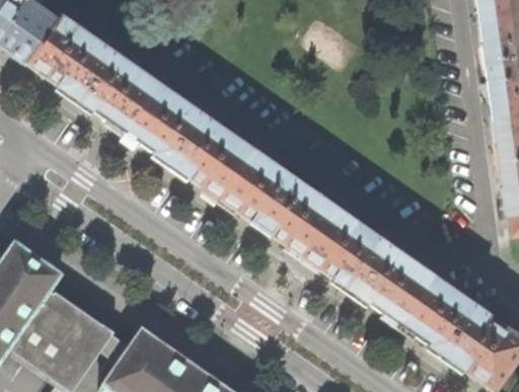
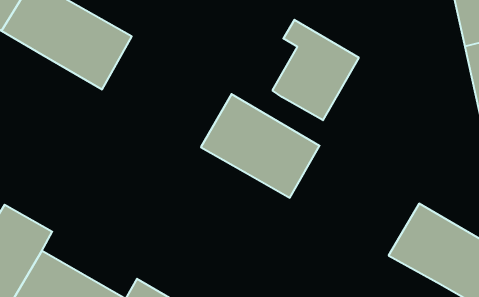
building: none -> [273,20,359,120]
building: [126,83,255,201] -> none
building: [305,210,435,326] -> none

